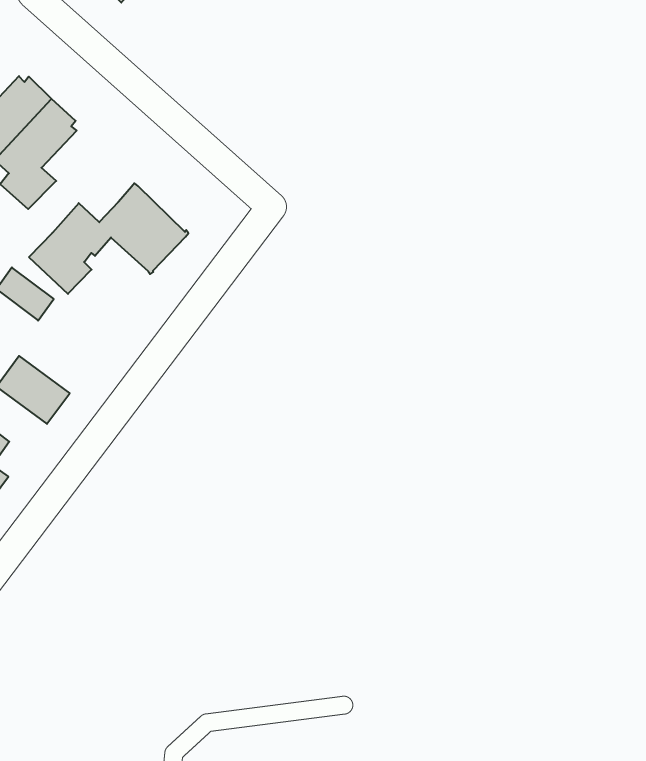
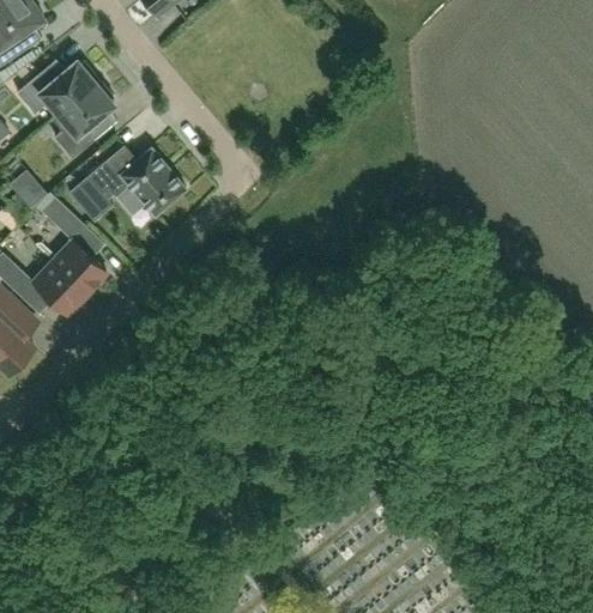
building: none -> [53,239,107,292]

